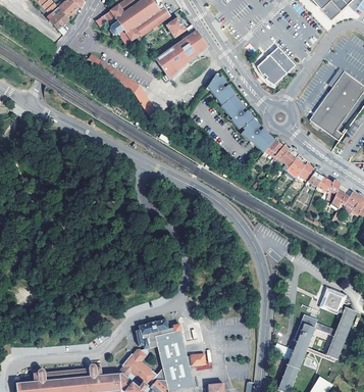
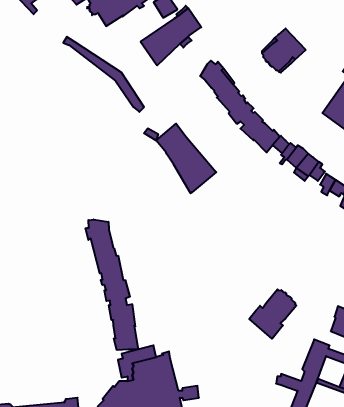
building: none -> [156,124,216,193]
building: none -> [85,219,138,350]
building: none -> [249,289,296,339]

